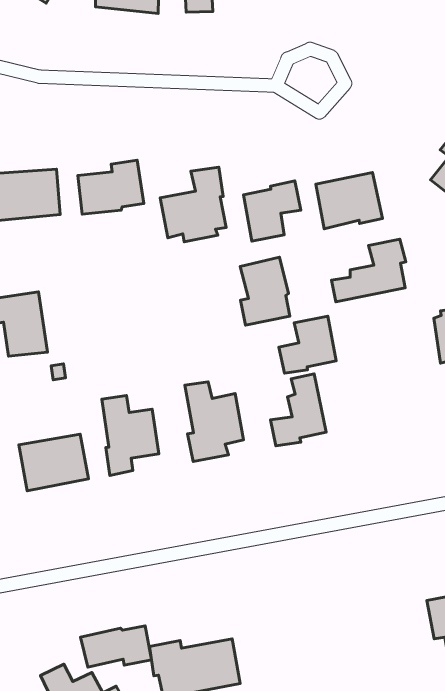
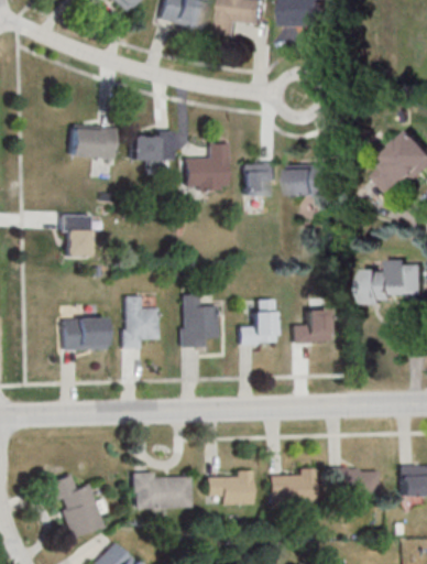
building: [332,239,406,302] -> none
building: [240,257,290,325] -> none
building: [279,316,336,373] -> [293,307,331,343]
building: none -> [270,467,316,502]
building: none -> [207,469,253,505]
building: [80,626,152,667] -> none

